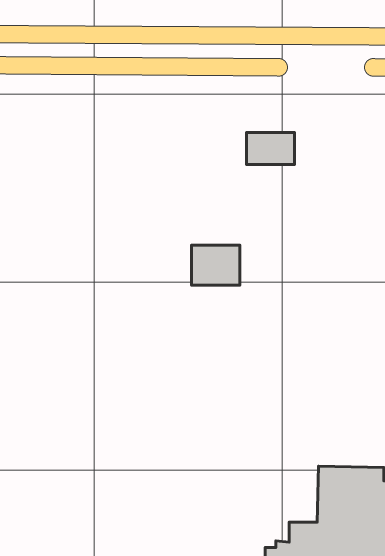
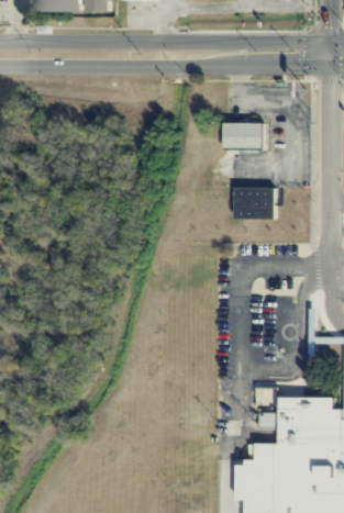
building: [192,245,240,285] -> [233,187,273,220]

